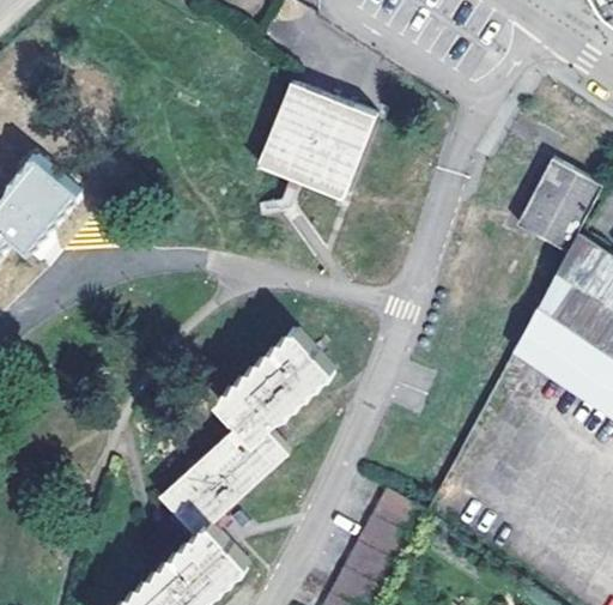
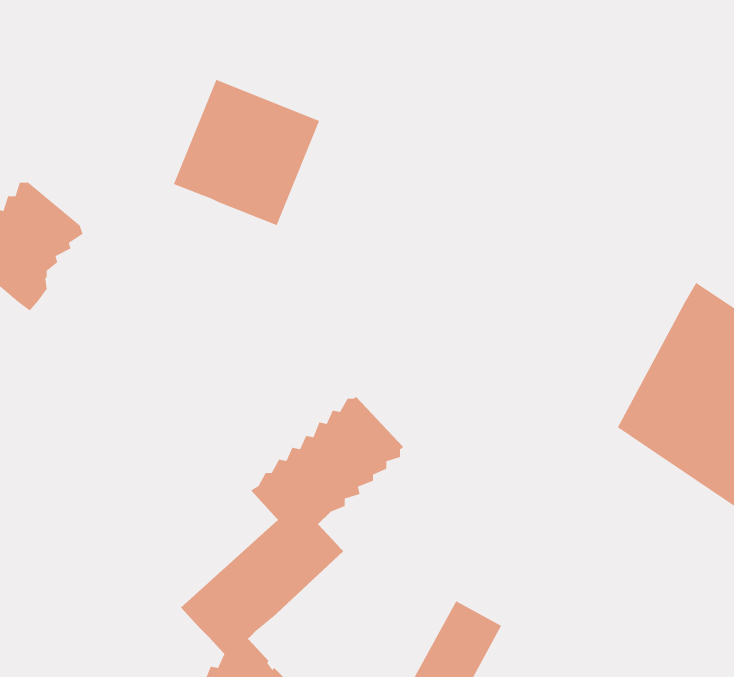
building: [257,80,376,199] -> [173,79,320,226]
building: [517,158,601,250] -> none

